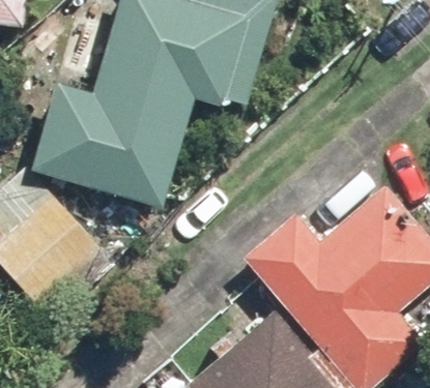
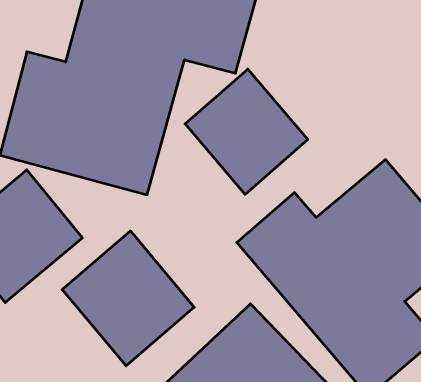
building: none -> [185,69,308,194]
building: none -> [62,231,194,366]

